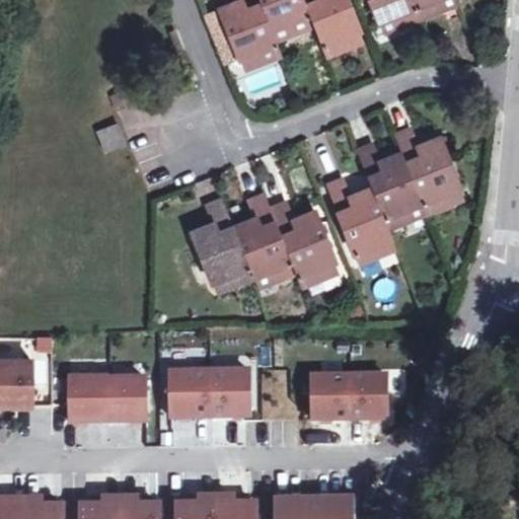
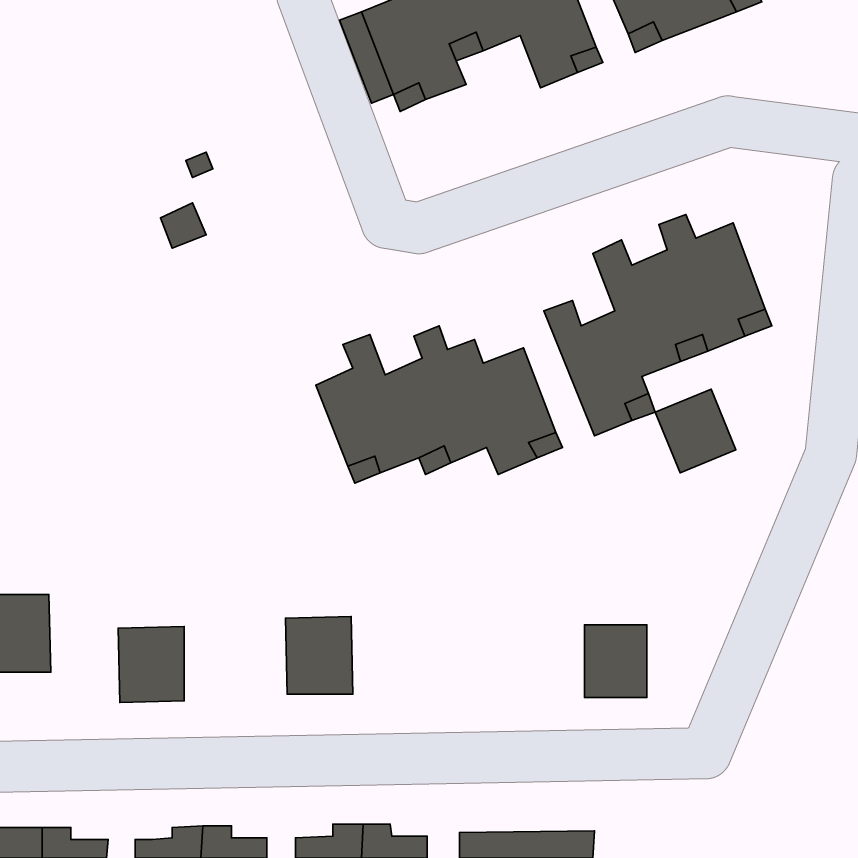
building: none -> [655,389,736,473]
building: [211,370,251,417] -> none
building: [313,375,351,420] -> none
building: [110,377,148,421] -> none

